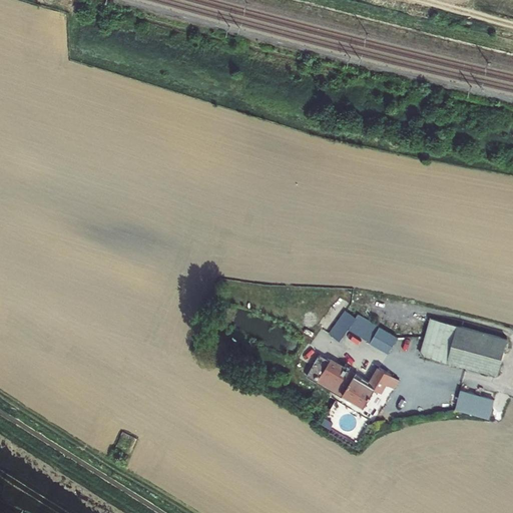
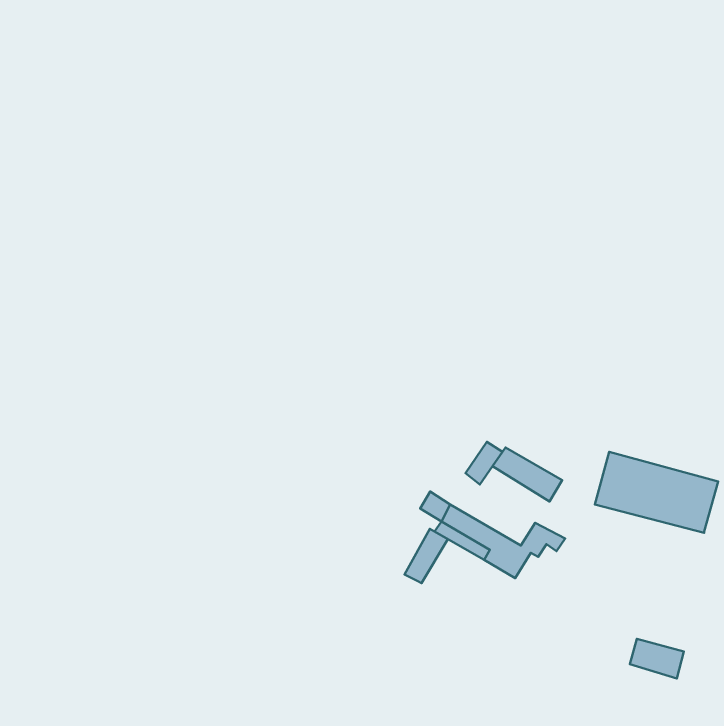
building: none -> [405,529,448,583]
building: [455,391,493,419] -> [630,639,684,679]

